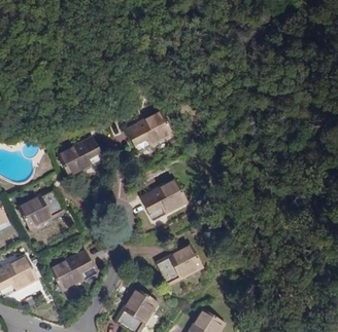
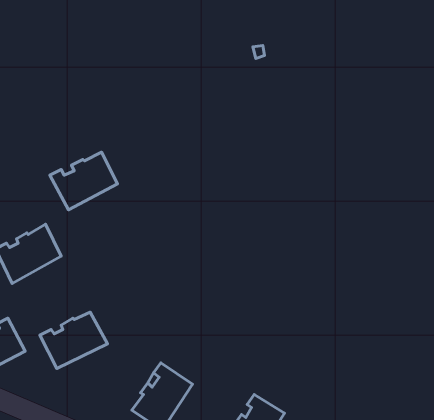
building: [125,109,172,152] -> none
building: [139,177,187,219] -> none
building: [156,243,202,284] -> none

